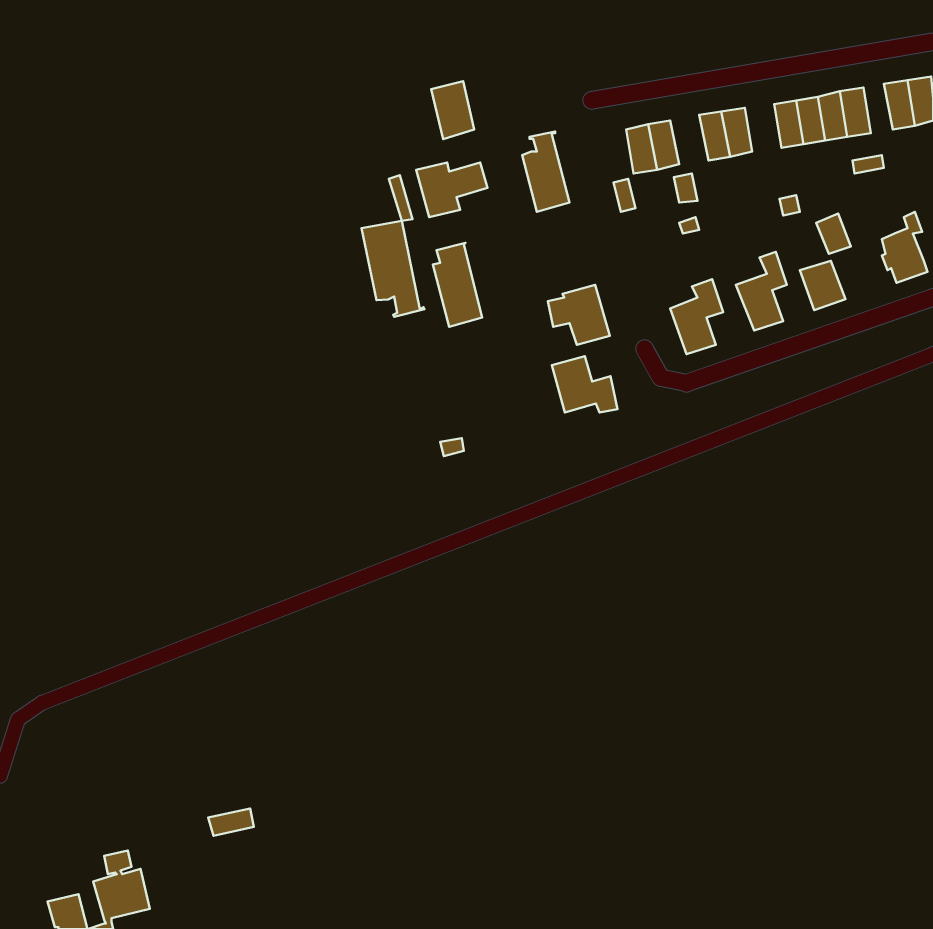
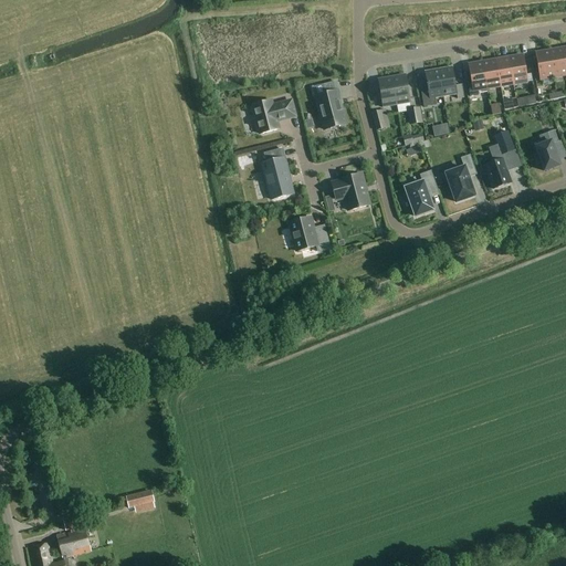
building: [431,81,474,139] -> none
building: [361,221,425,317] -> none
building: [552,356,618,413] -> [290,216,329,250]

